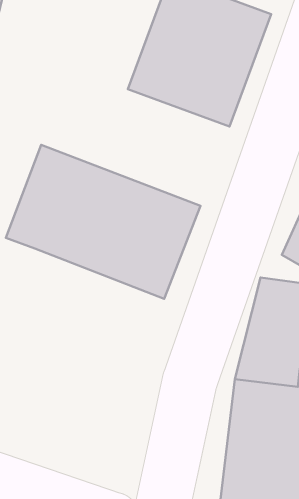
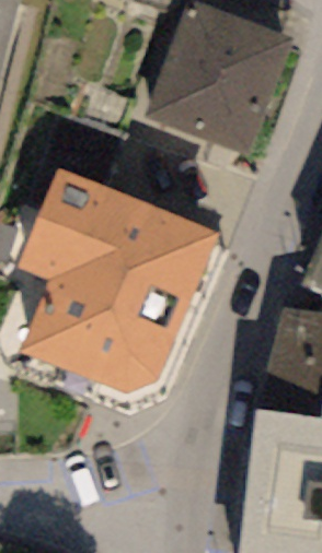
building: none -> [23,275,183,392]

